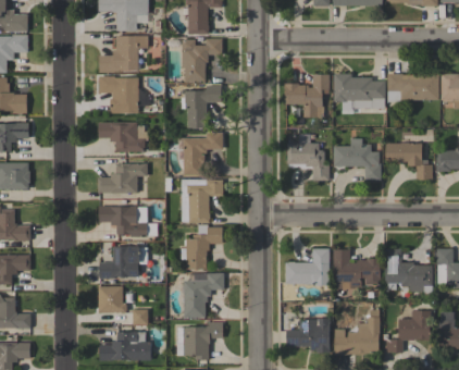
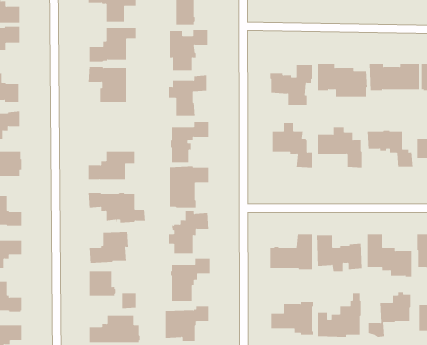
building: [98,122,148,151] -> none

